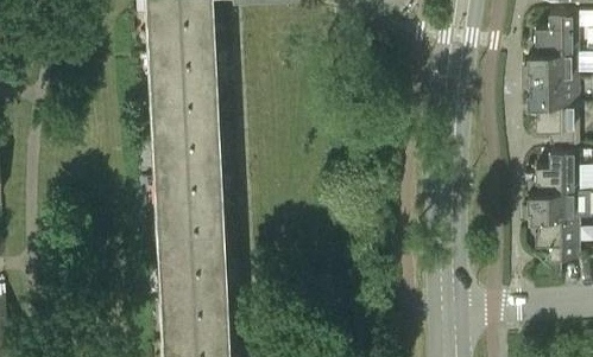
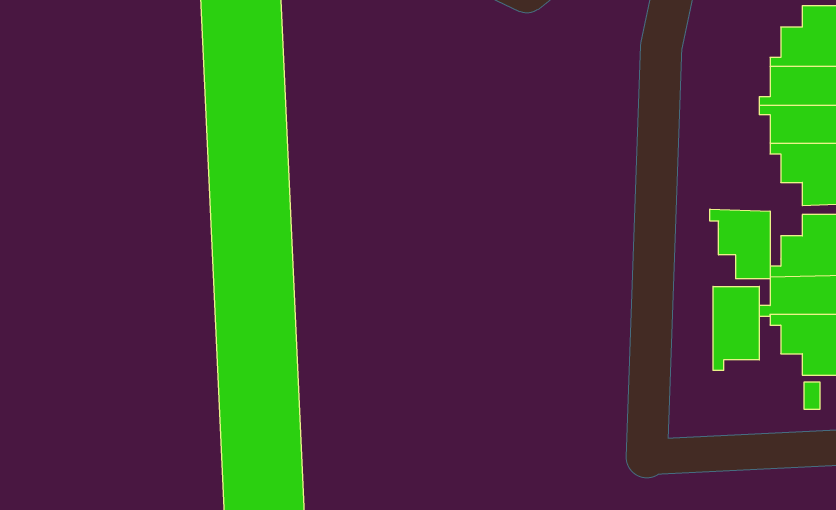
building: none -> [710,209,770,279]
building: none -> [713,286,759,370]

